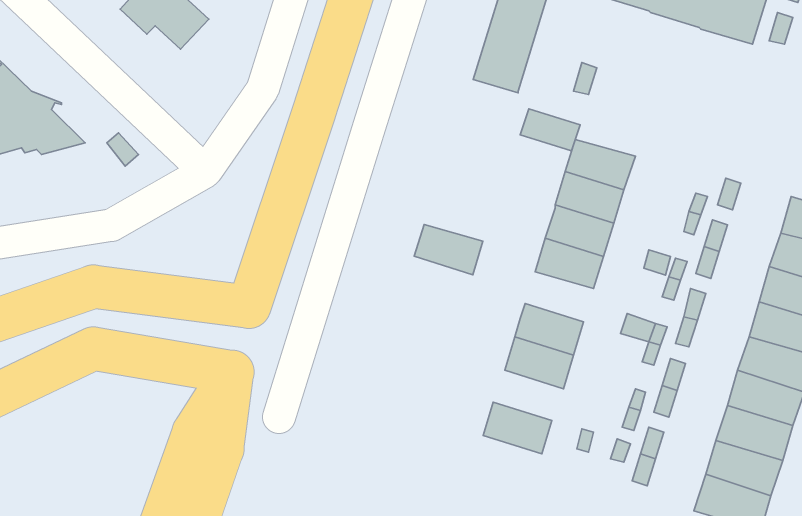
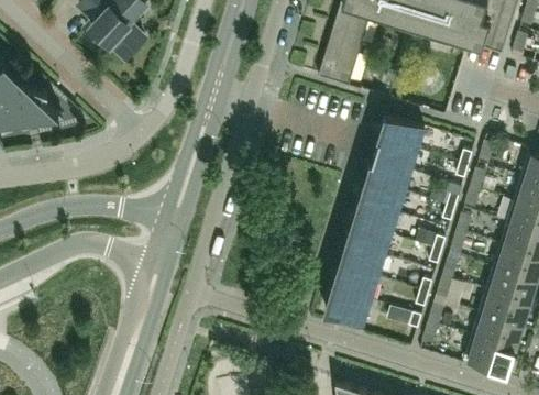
building: [520,109,580,151] -> none
building: [414,225,483,275] -> [352,206,397,239]
building: none -> [331,271,377,304]

